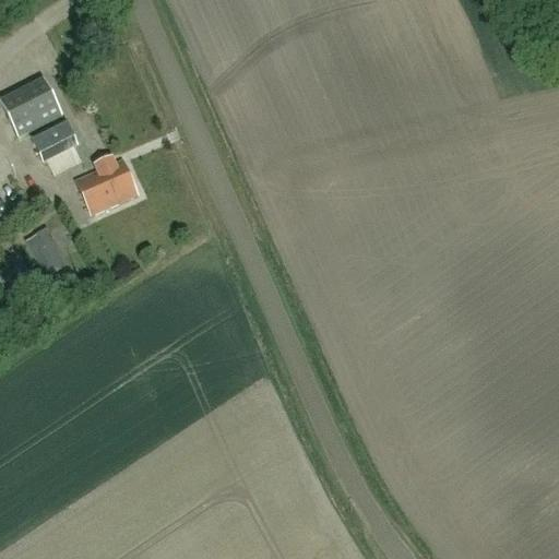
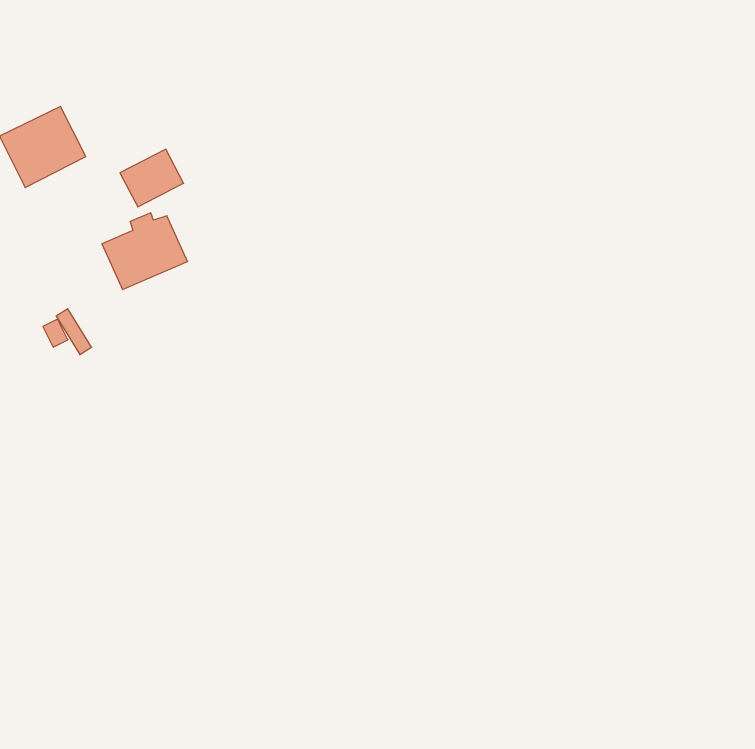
building: [31,118,78,160] -> [120,149,184,207]

